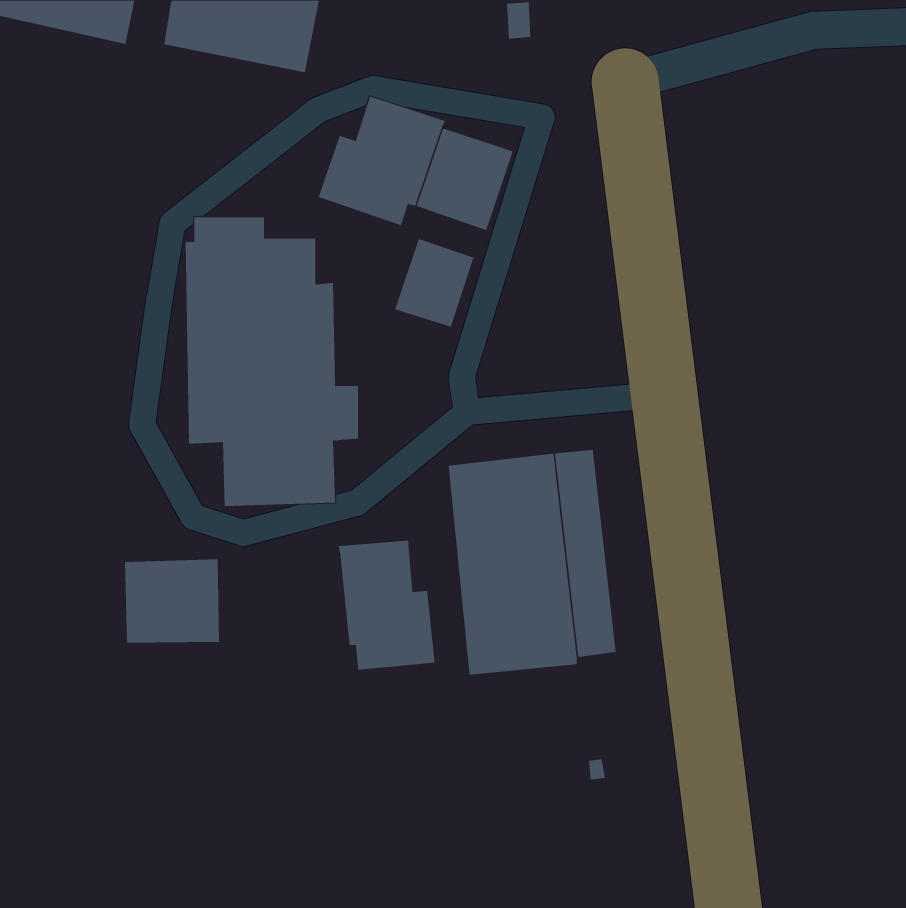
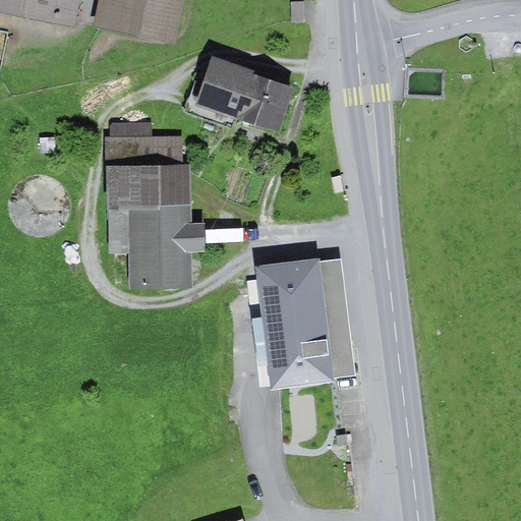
building: [395,238,474,328] -> none
building: [338,540,435,671] -> none
building: [124,559,220,643] -> none

